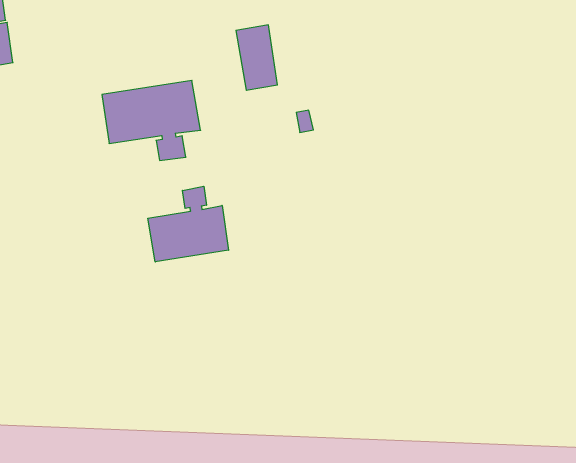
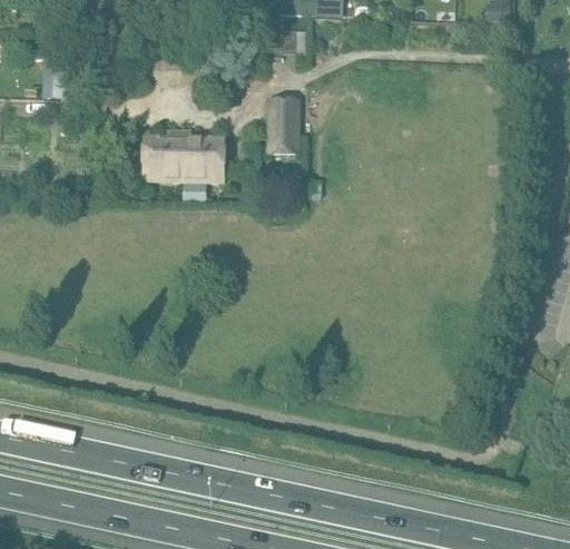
building: [148,186,229,262] -> none

